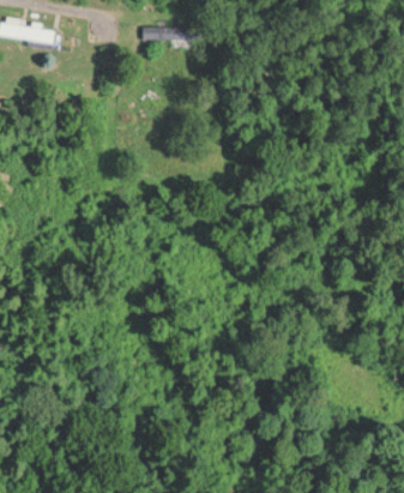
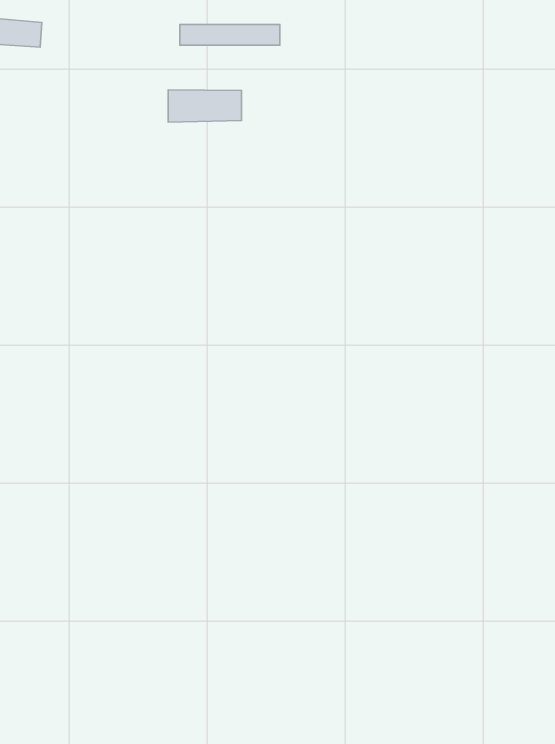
building: none -> [168,90,241,122]

